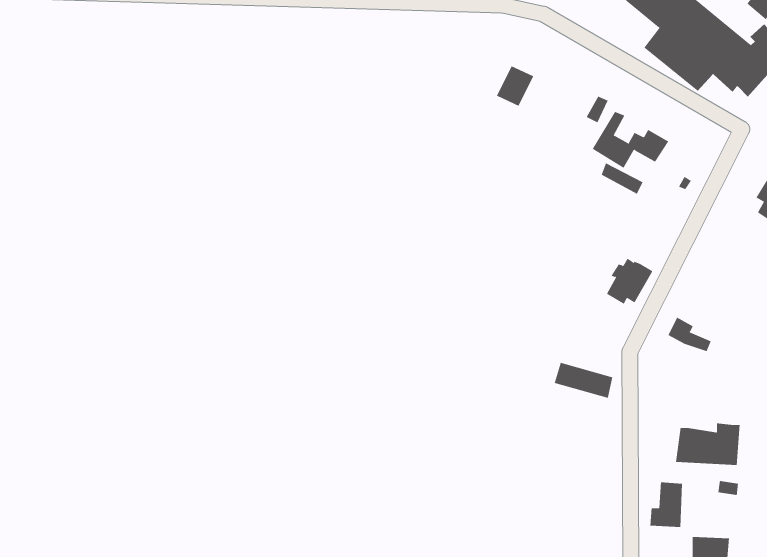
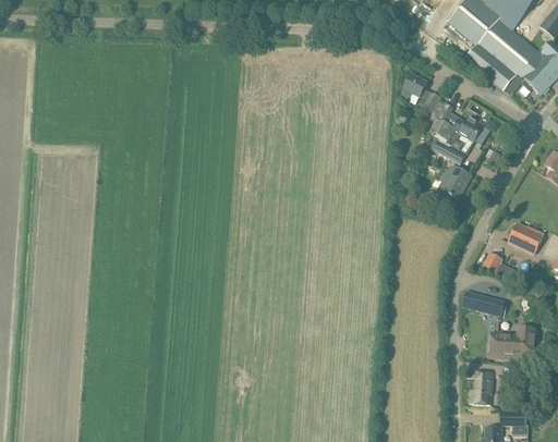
building: [496,66,534,107] -> [401,73,428,102]
building: [606,258,653,305] -> [438,165,472,199]
building: none -> [510,222,546,254]
building: [554,362,613,398] -> [463,291,506,317]

